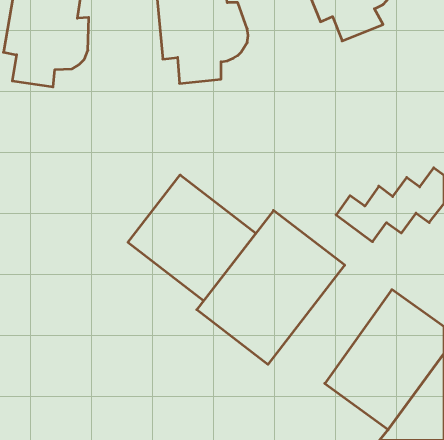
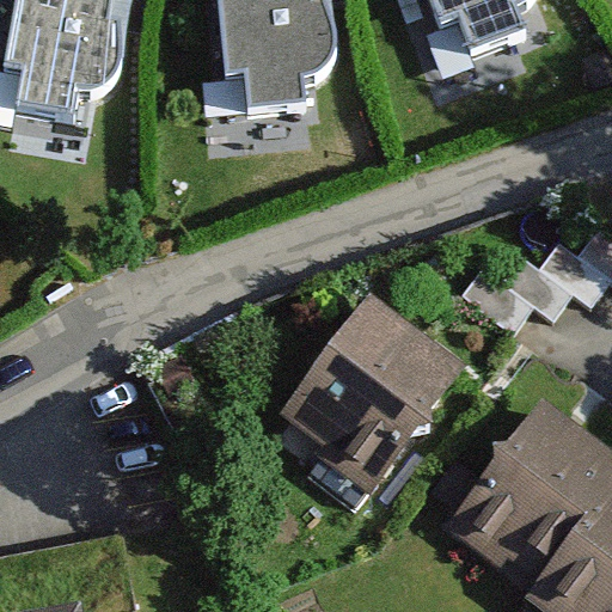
building: [128,175,256,301] -> none

